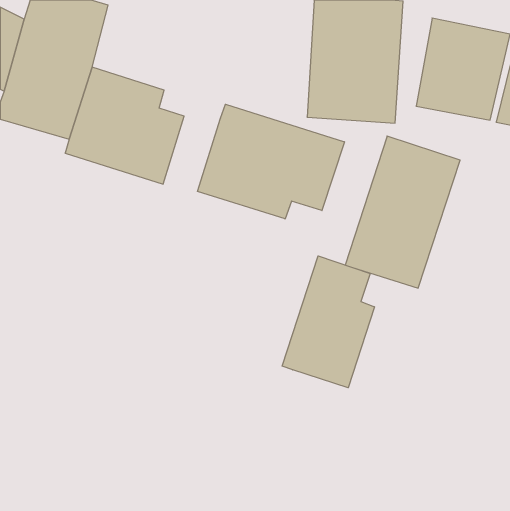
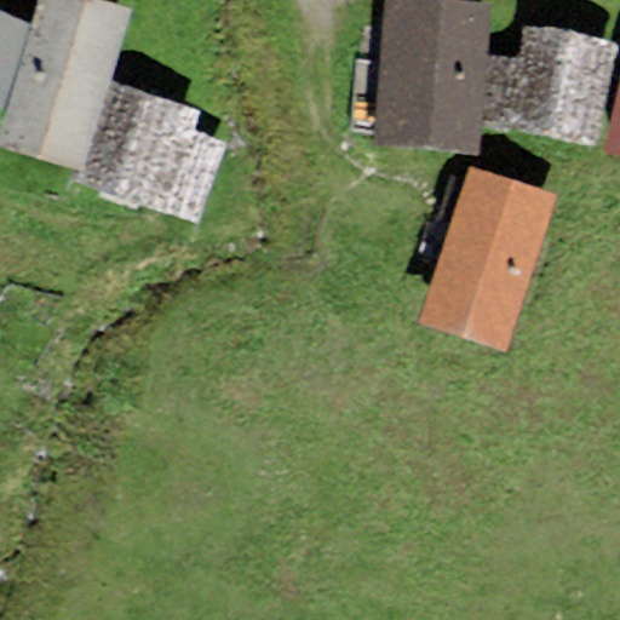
building: [198,104,344,219] -> none
building: [282,256,374,388] -> none

